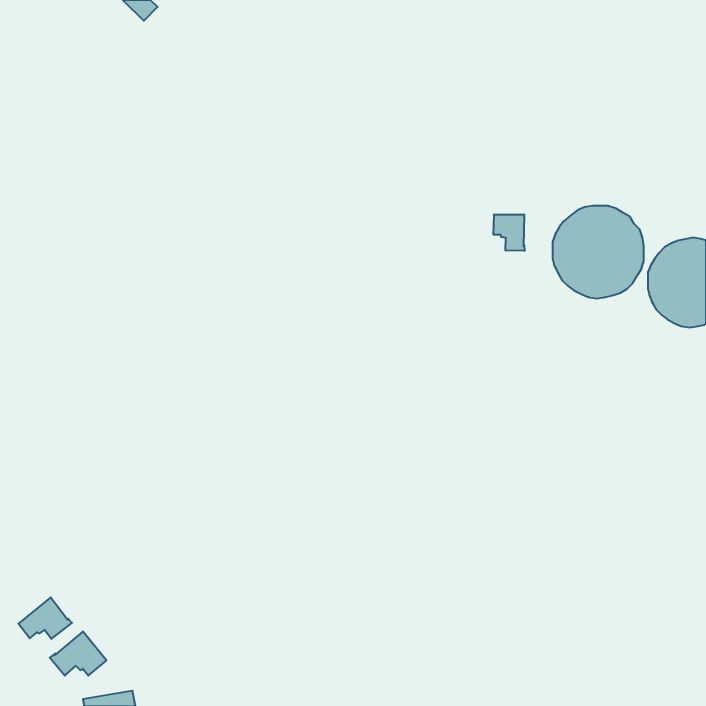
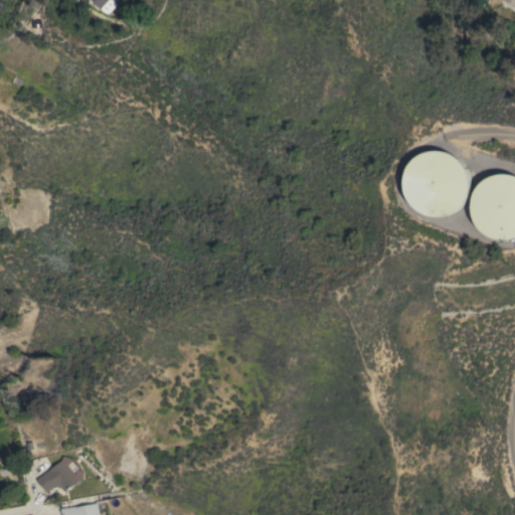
building: [494,214,524,251] -> none
building: [18,597,72,639] -> none

